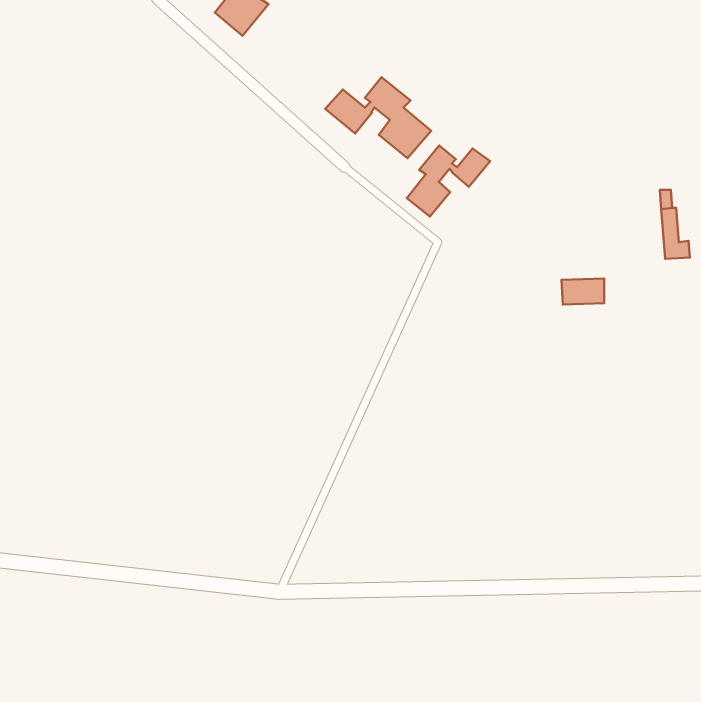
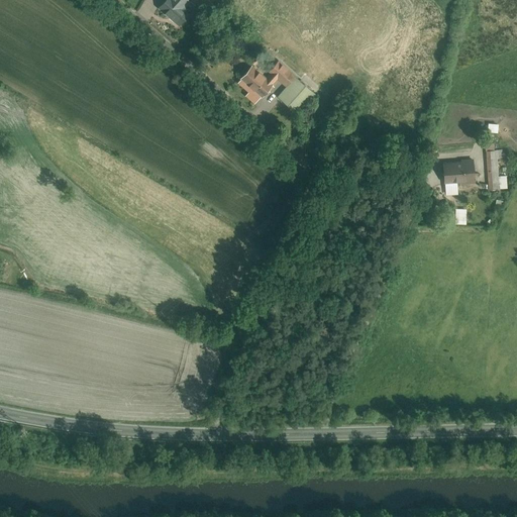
building: [407,145,490,216] -> none
building: [562,278,604,305] -> [442,164,474,183]

